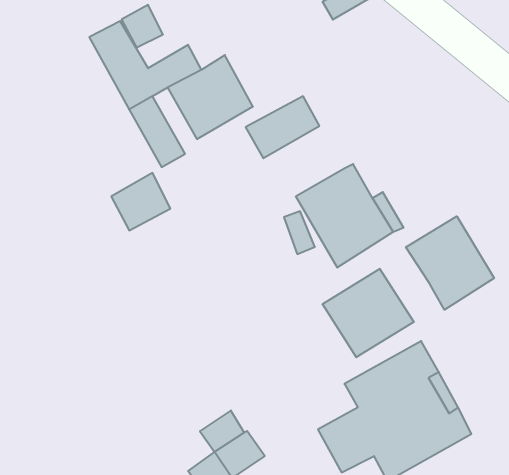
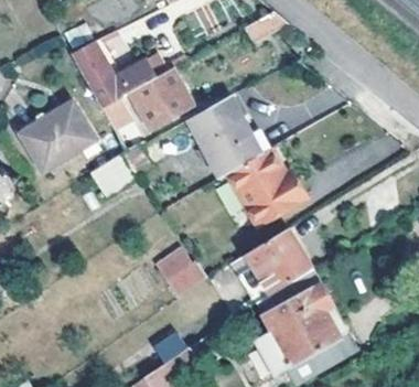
building: none -> [22,103,92,169]
building: none -> [201,119,261,174]
building: [406,216,494,310] -> none
building: none -> [157,248,205,295]

